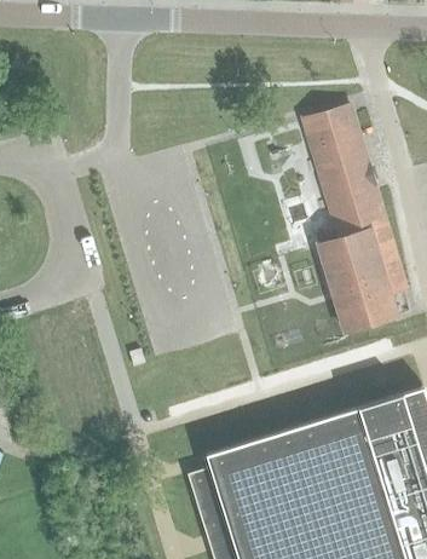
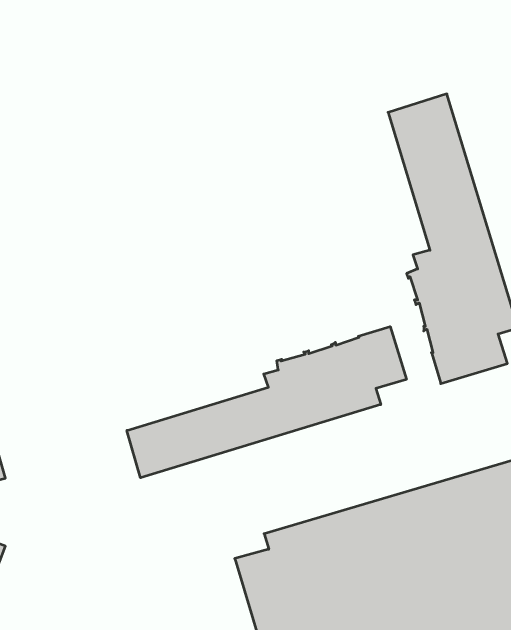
building: none -> [127,327,406,478]

